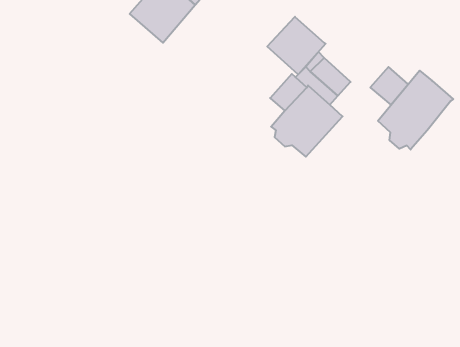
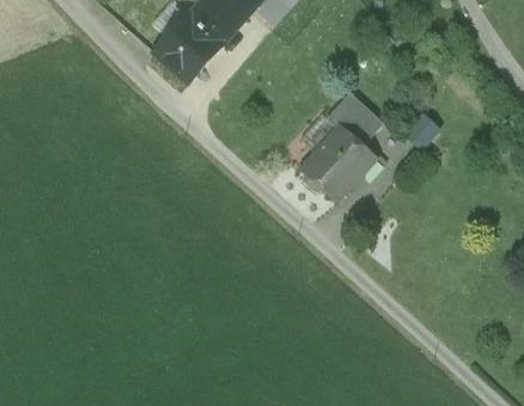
building: [267,17,326,75] -> none
building: [378,71,453,150] -> none

